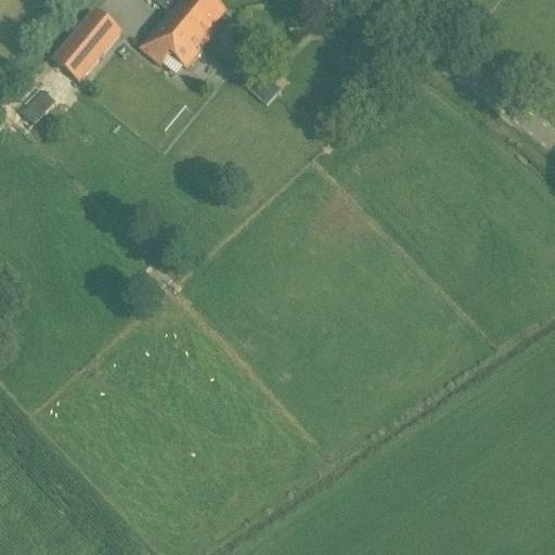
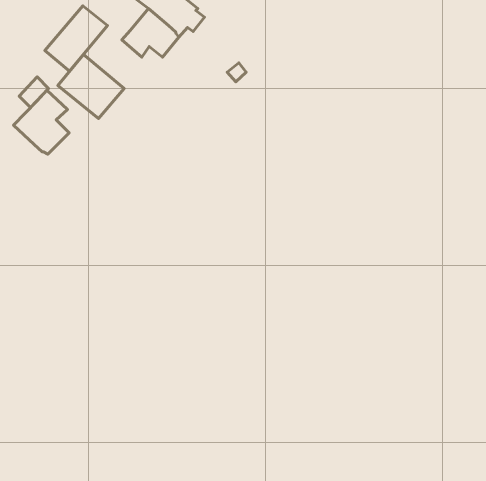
building: none -> [58,55,124,118]
building: none -> [14,90,69,154]

